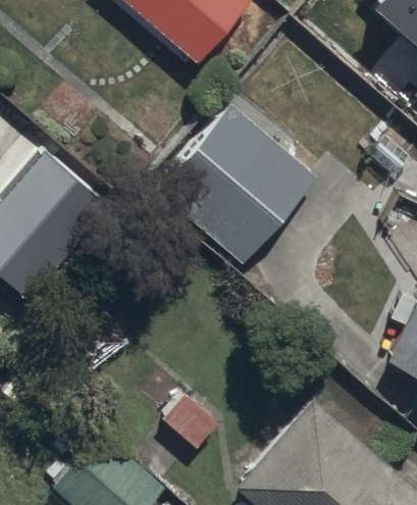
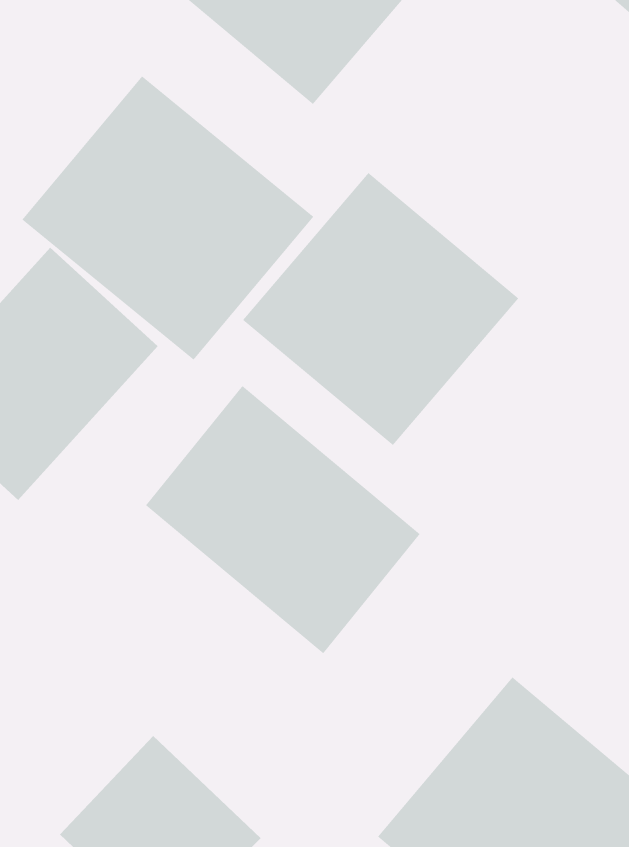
building: none -> [22,76,314,361]
building: none -> [145,385,420,654]

